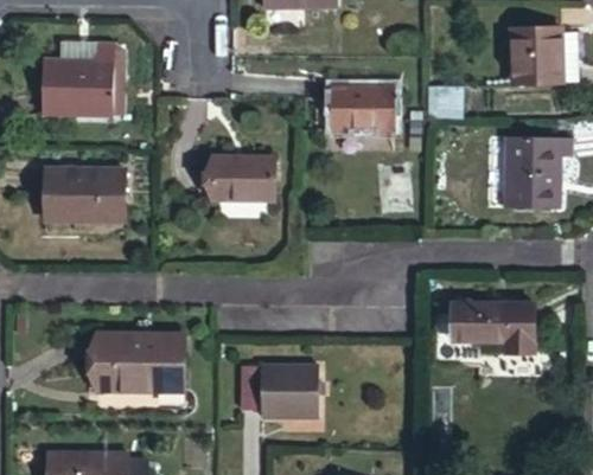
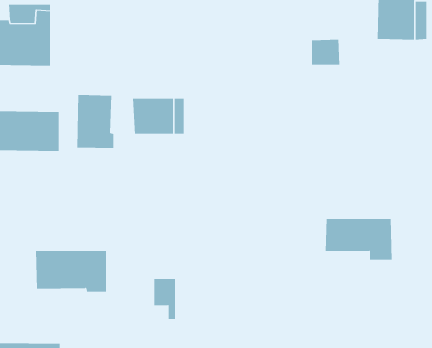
building: [332,86,404,131] -> none
building: [495,136,562,205] -> none
building: none -> [77,94,114,149]
building: [267,373,317,424] -> none

